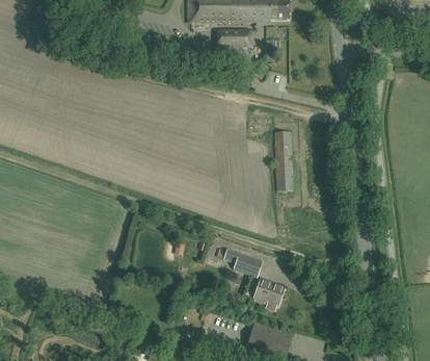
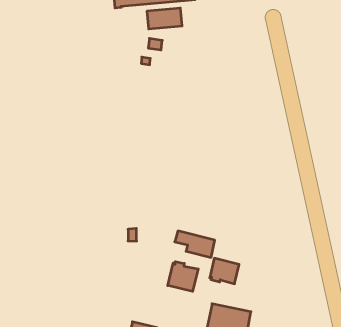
building: [273,131,292,190] -> none
building: none -> [168,262,198,291]

